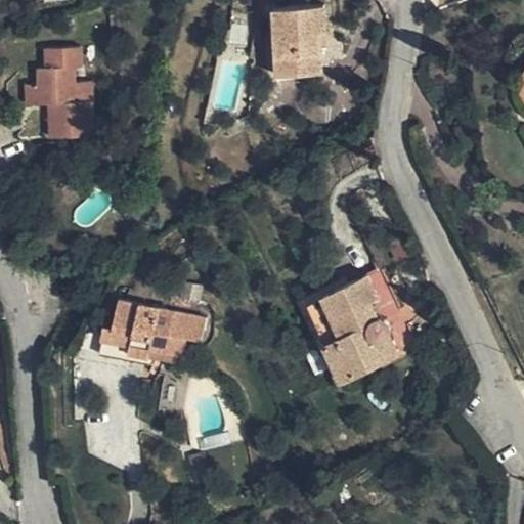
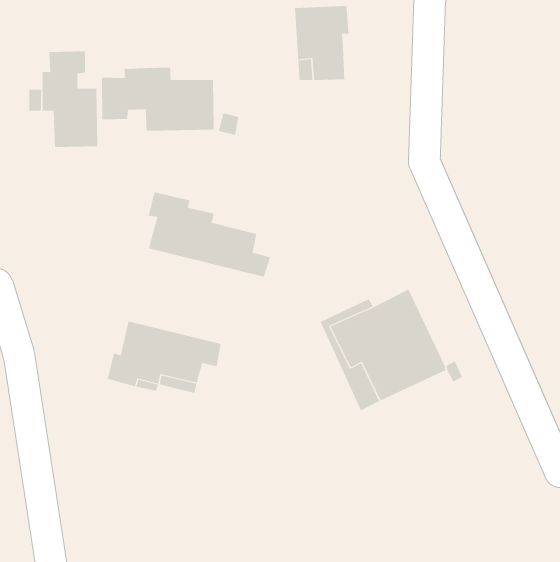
building: none -> [101,67,214,131]
building: none -> [148,192,271,277]

